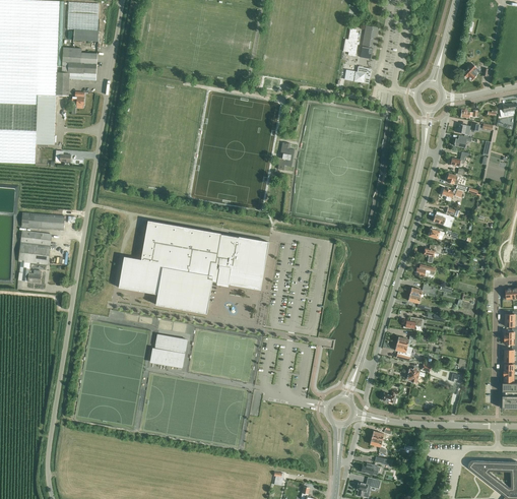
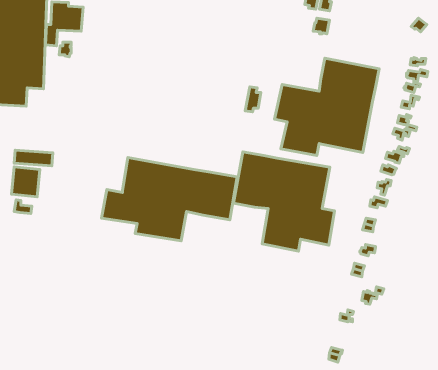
building: none -> [274,58,379,155]
building: none -> [233,152,334,251]
building: [151,335,187,366] -> none

